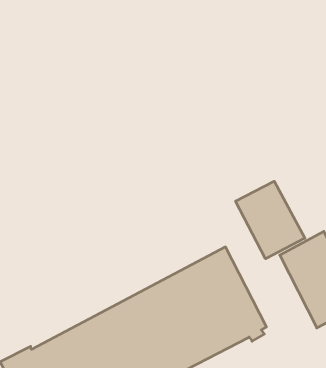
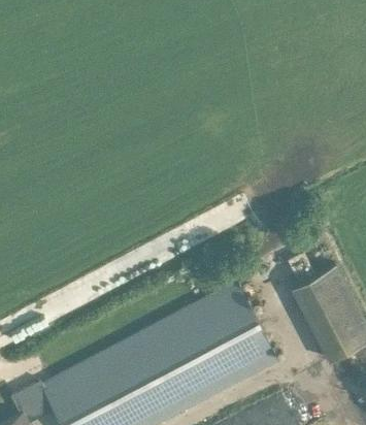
building: [236,181,305,259] -> none

